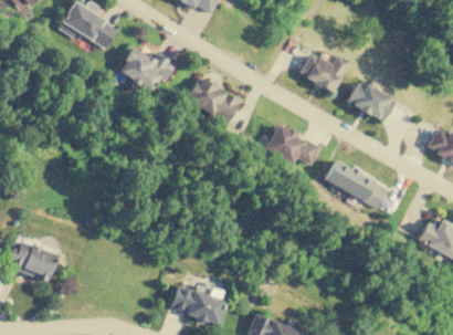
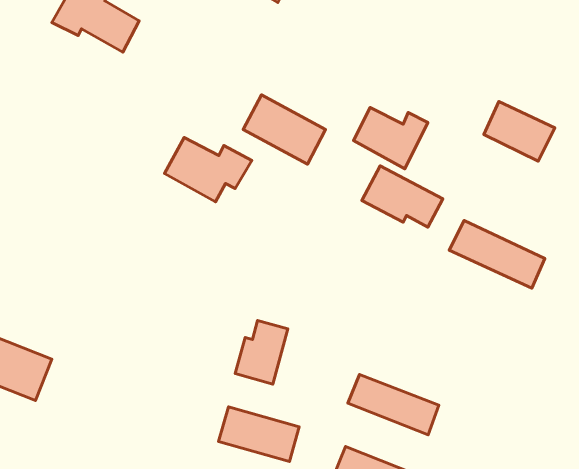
building: [119,48,178,91] -> [164,137,252,202]
building: [299,52,349,93] -> [354,108,428,169]
building: none -> [235,320,288,384]
building: none -> [348,375,439,435]

